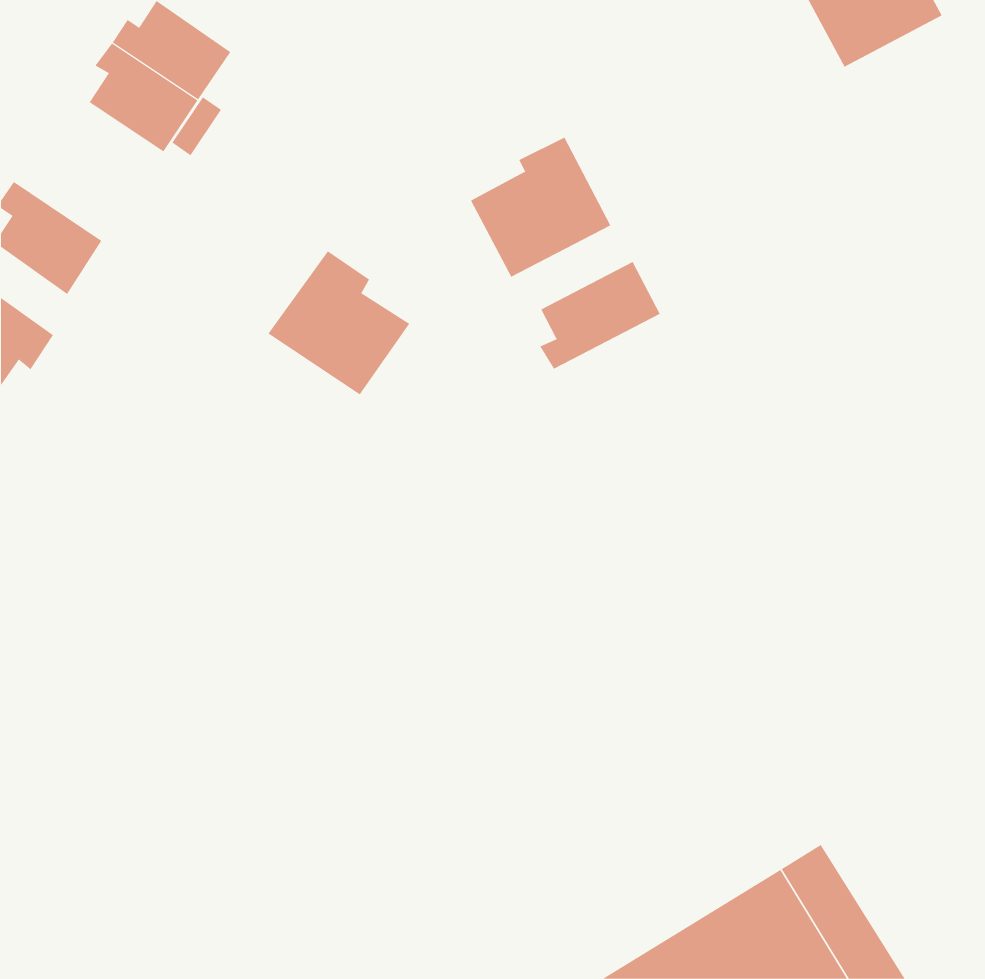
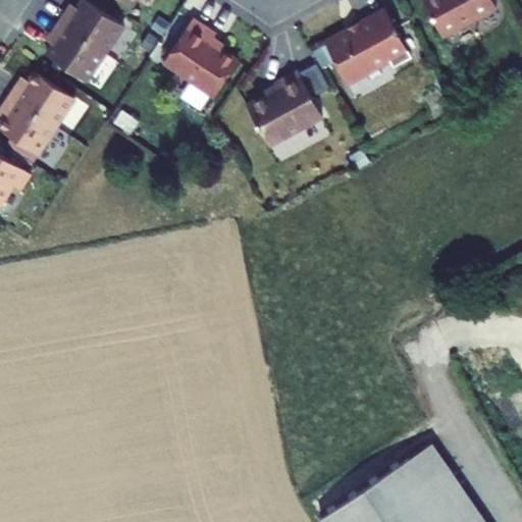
building: none -> [328,10,412,83]
building: none -> [7,76,71,127]
building: [268,251,410,395] -> [161,23,237,100]
building: [540,261,660,370] -> none

